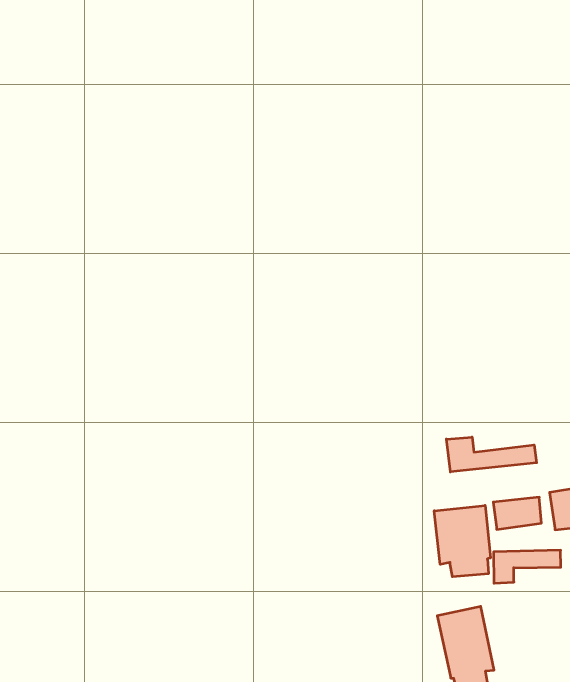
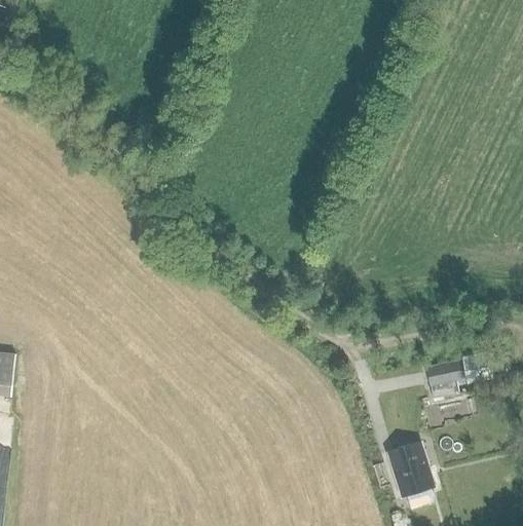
building: [446,437,537,472] -> none
building: [434,505,490,577] -> none

